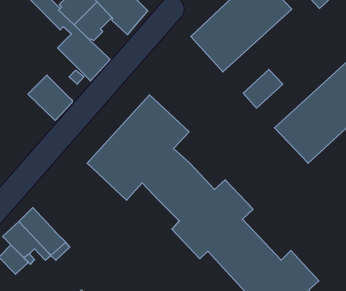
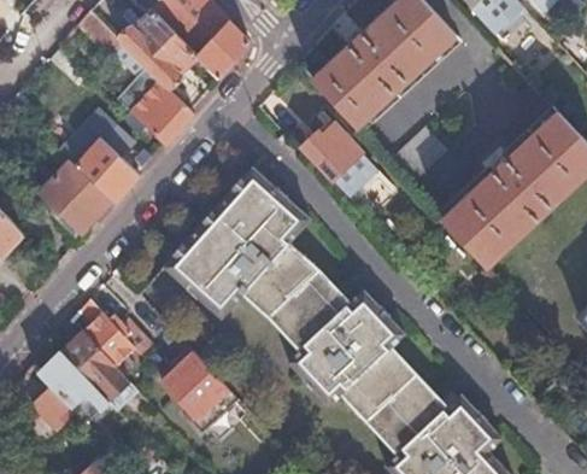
building: none -> [303,123,382,200]
building: none -> [40,159,112,233]
building: none -> [80,298,152,365]
building: none -> [163,353,228,417]

